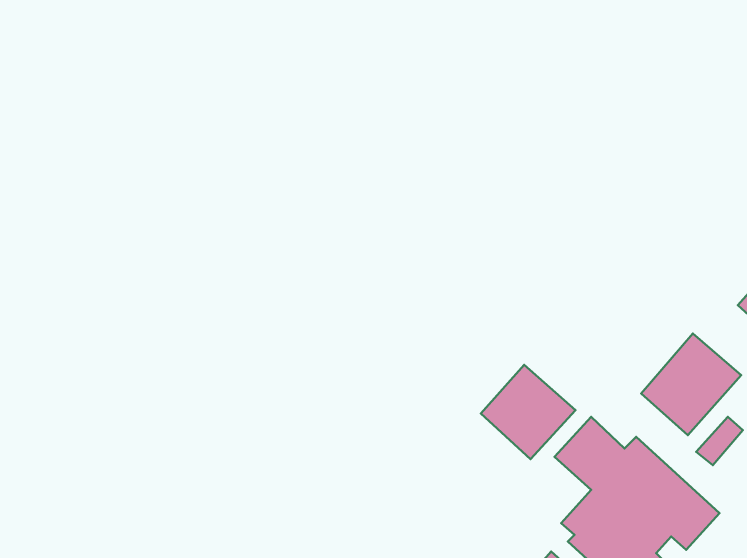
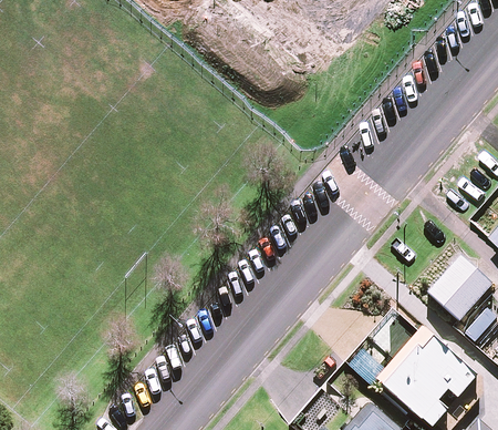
building: [481,365,575,459] -> none

